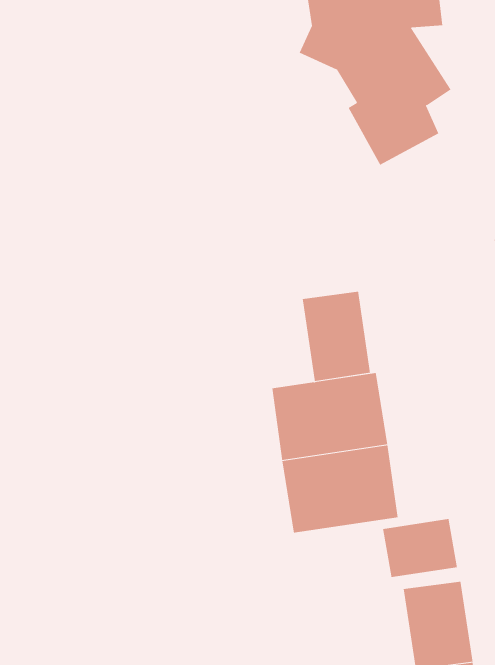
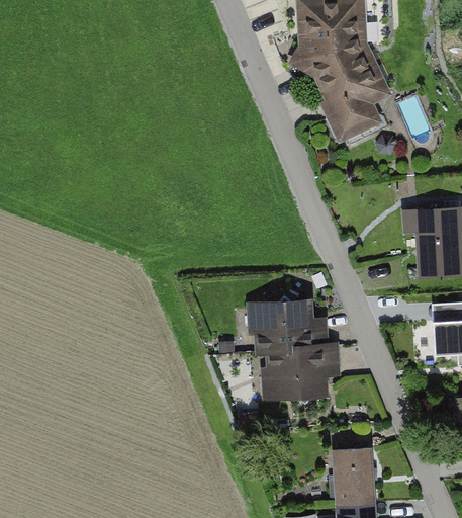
building: [302,291,371,382] -> none
building: [383,518,458,578] -> none

